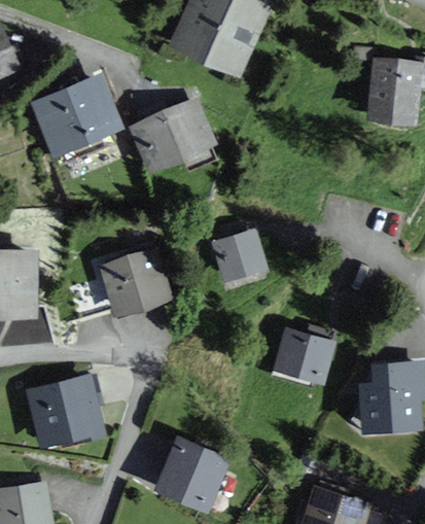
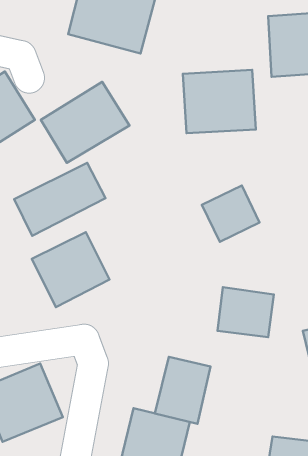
building: none -> [183,70,256,133]
building: none -> [14,163,105,236]
building: [211,230,267,283] -> [202,186,260,242]
building: none -> [155,357,210,424]

